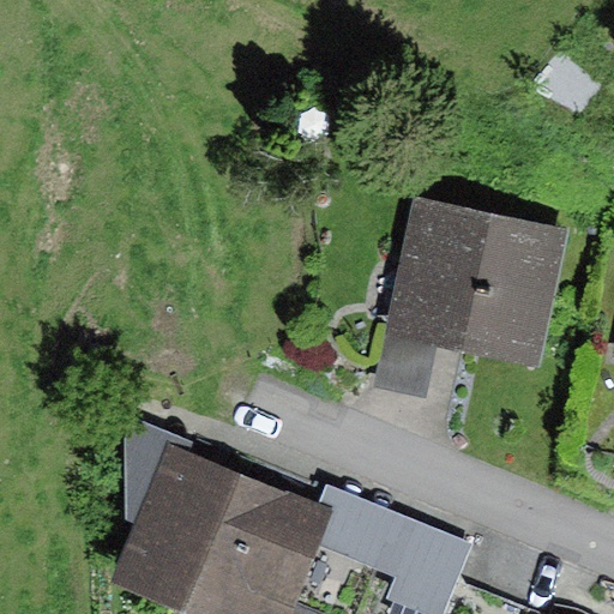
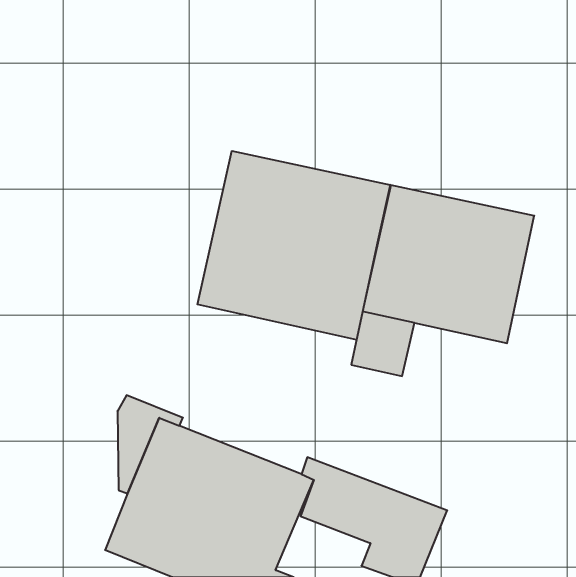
building: none -> [197,151,390,340]

